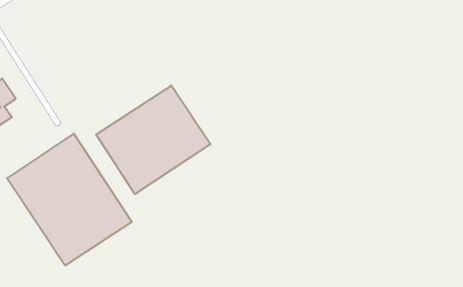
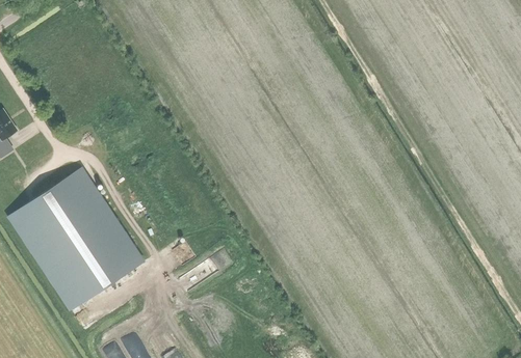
building: [96,85,211,194] -> none

